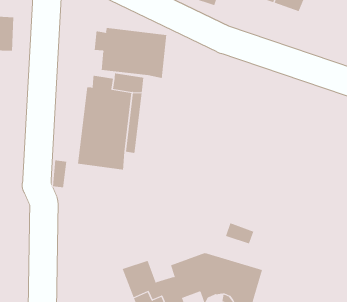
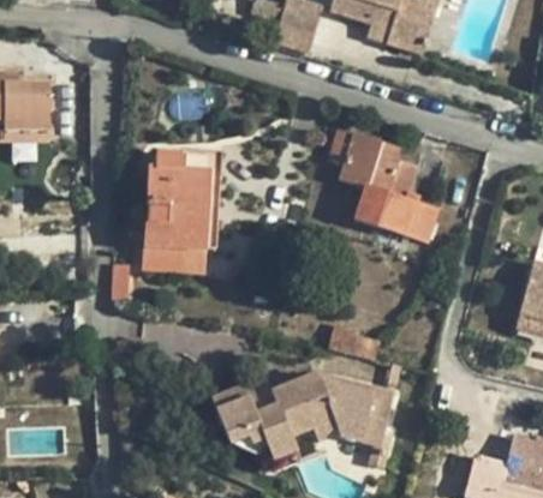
building: [94,27,167,79] -> none
building: none -> [328,128,438,241]

